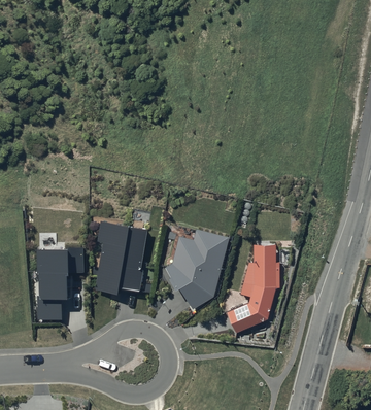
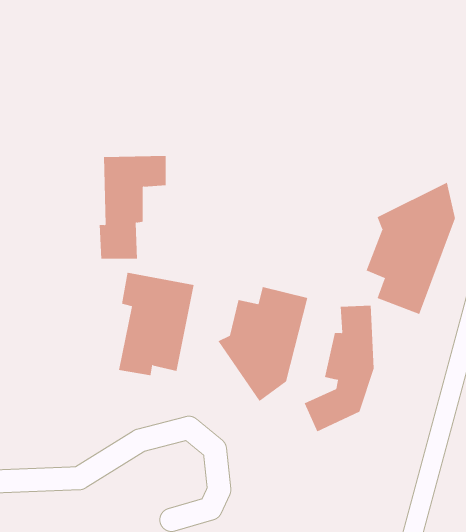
building: none -> [366,182,455,315]
building: [35,247,83,321] -> [99,155,167,259]

